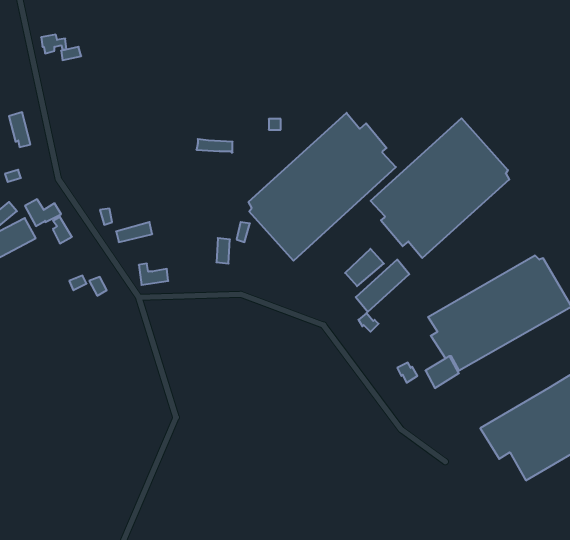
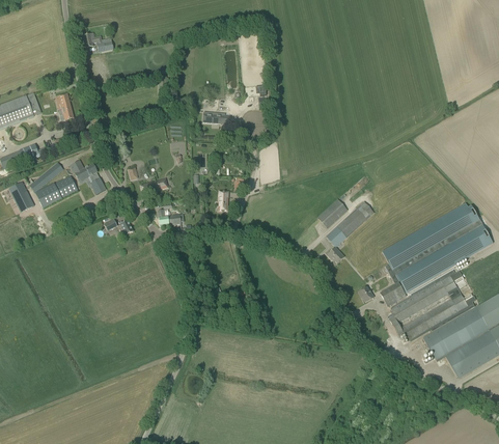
building: [249,113,396,261] -> none
building: [371,118,509,258] -> none
building: none -> [388,269,475,340]

